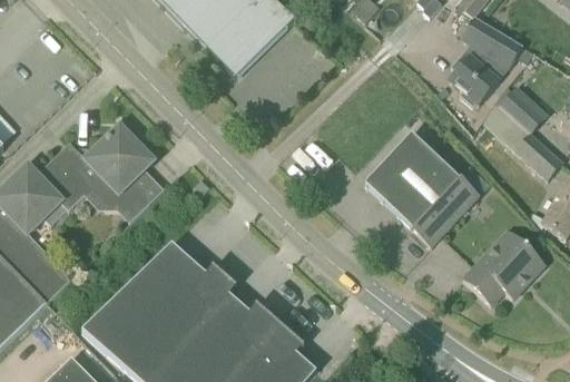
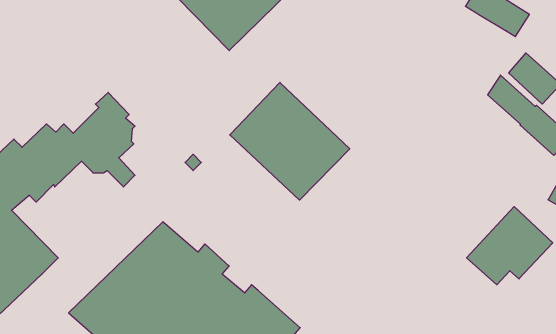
building: [449,46,501,105] -> none
building: [364,133,479,245] -> [230,82,350,200]

